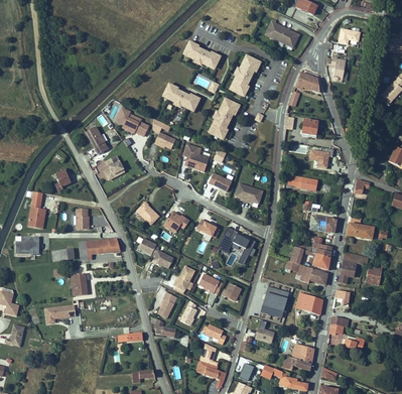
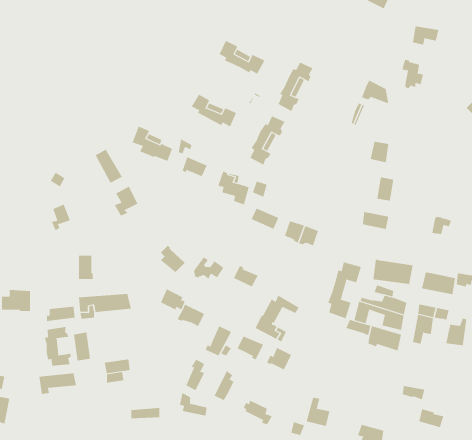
building: [264,21,298,48] -> none
building: [27,195,45,230] -> none
building: none -> [328,261,362,319]
building: none -> [44,326,71,367]
building: [259,287,288,318] -> none
building: [297,292,324,314] -> none

